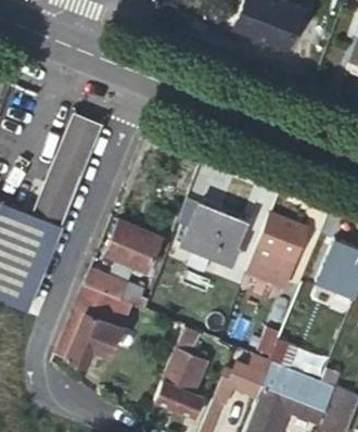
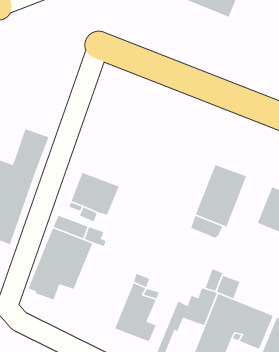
building: [52,111,101,182] -> none
building: [180,202,251,265] -> none

